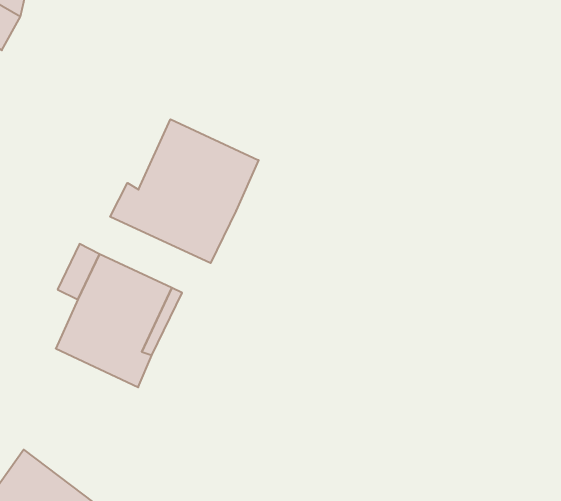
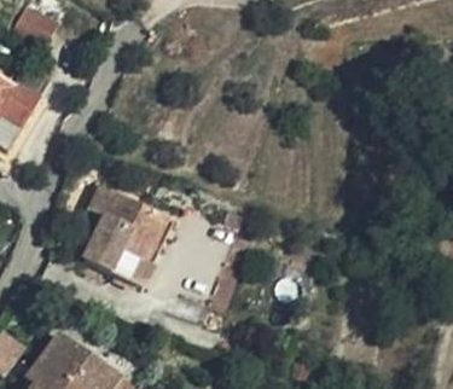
building: [110,119,259,263] -> none

